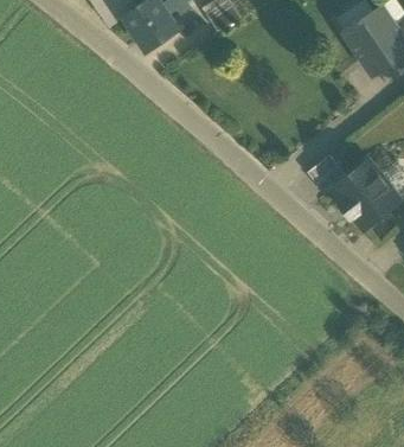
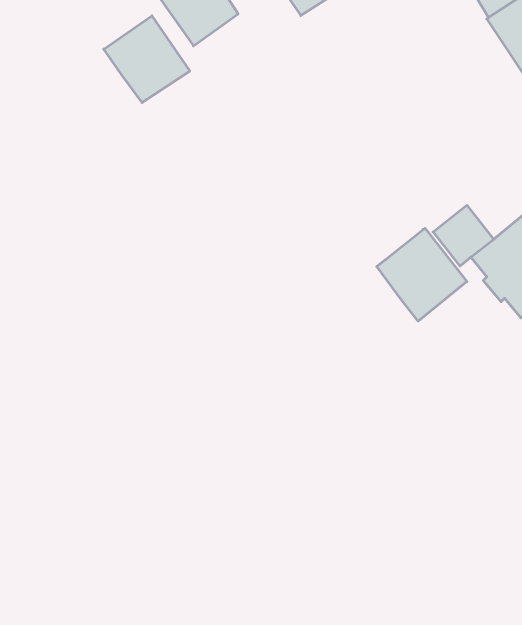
building: none -> [104,16,190,103]
building: none -> [377,228,467,321]

